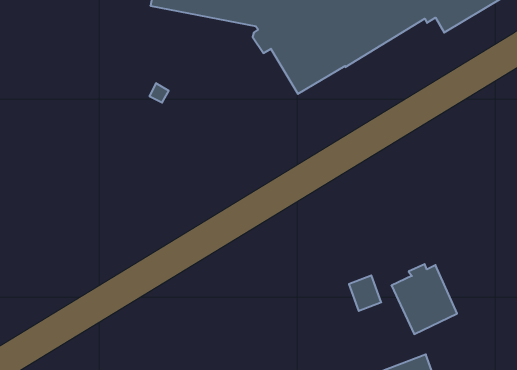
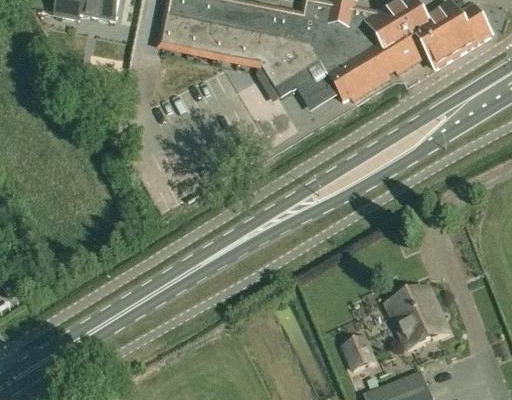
building: [349,275,381,311] -> [344,339,374,372]

